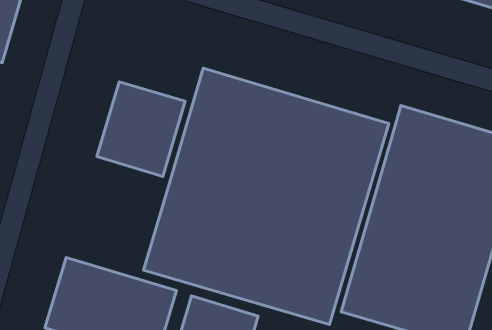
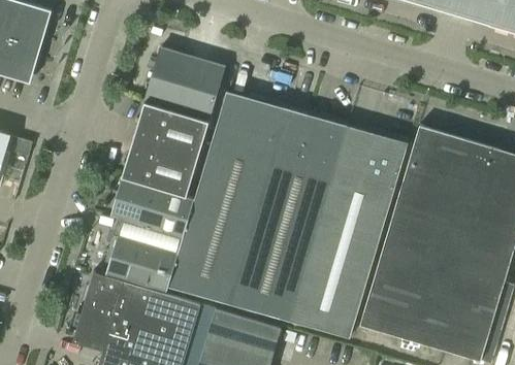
building: none -> [144,47,225,122]
building: none -> [104,180,194,293]

